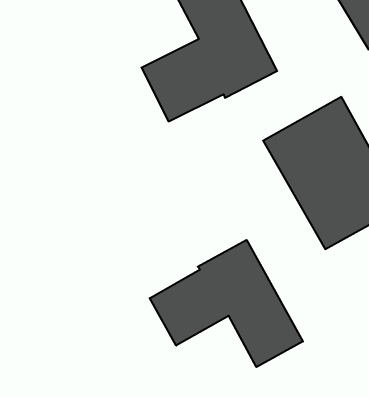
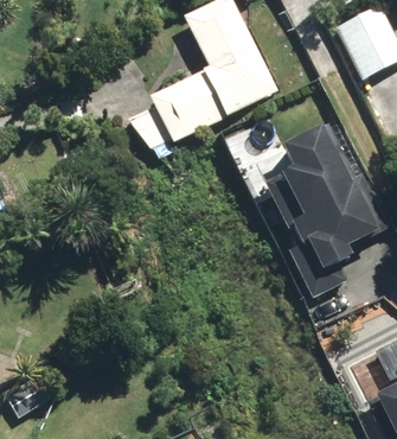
building: [150,240,303,367] -> none

